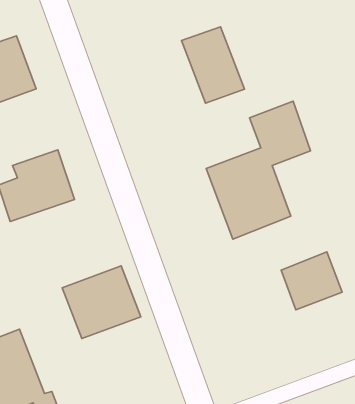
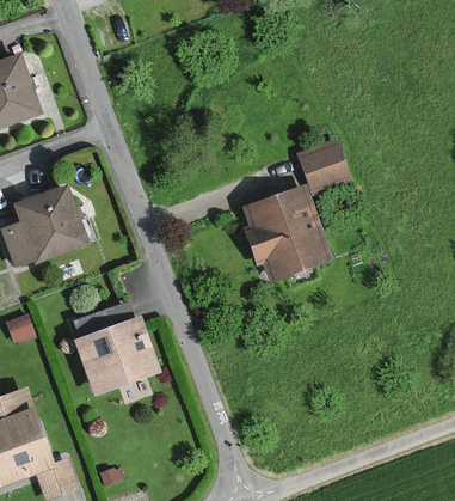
building: [181,27,244,103] -> none
building: [281,252,342,310] -> none

